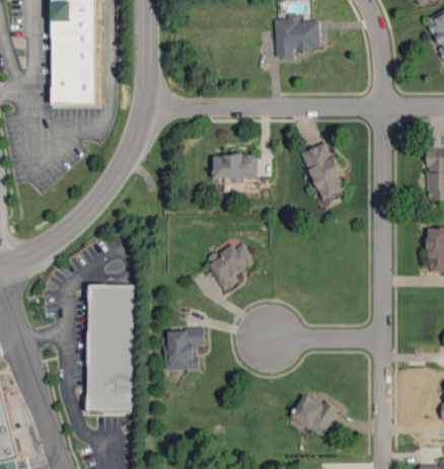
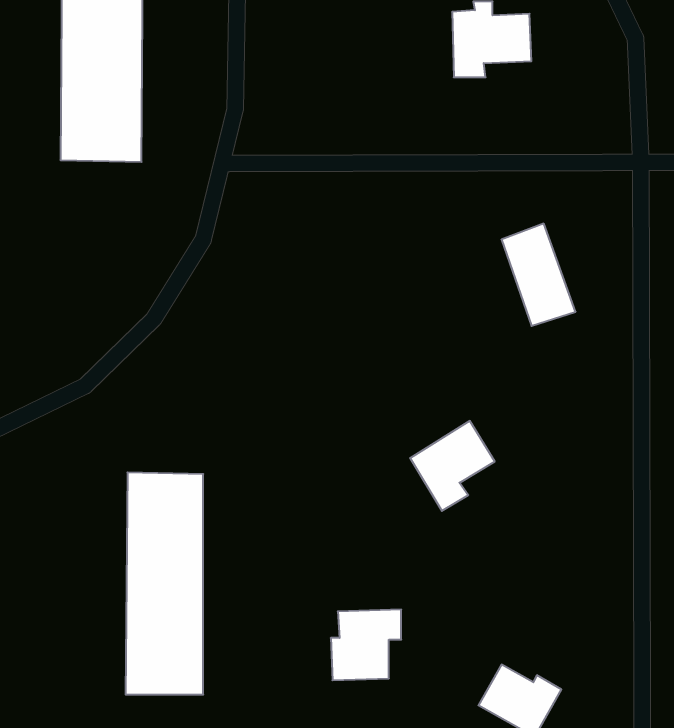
building: [212,154,256,182] -> none
building: [204,239,252,291] -> [410,421,495,511]
building: [162,328,203,369] -> [331,610,401,680]

